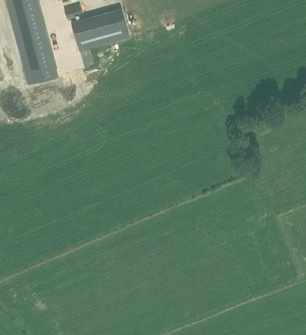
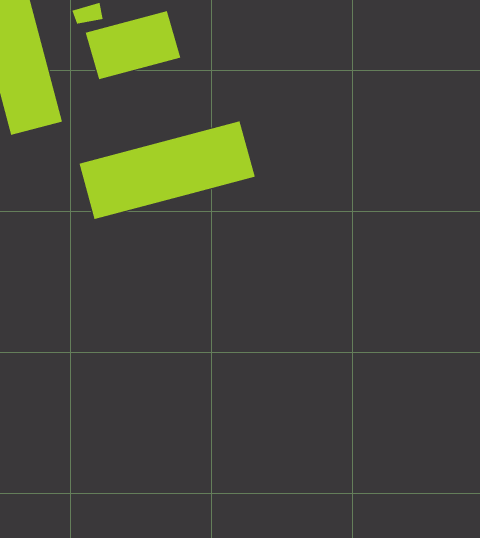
building: none -> [79,120,255,220]

